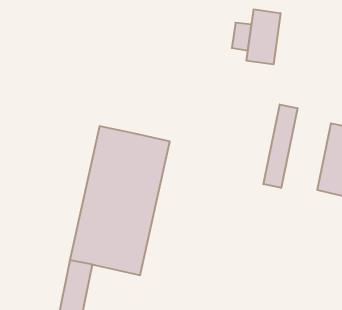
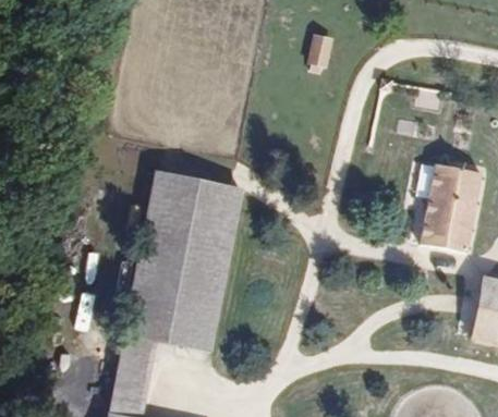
building: [247,9,280,64] -> none
building: [263,104,297,188] -> none

